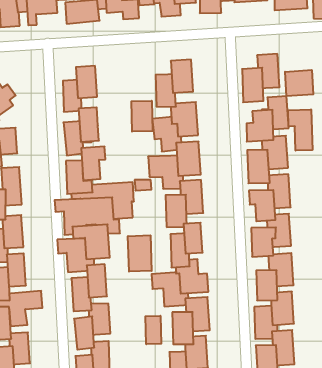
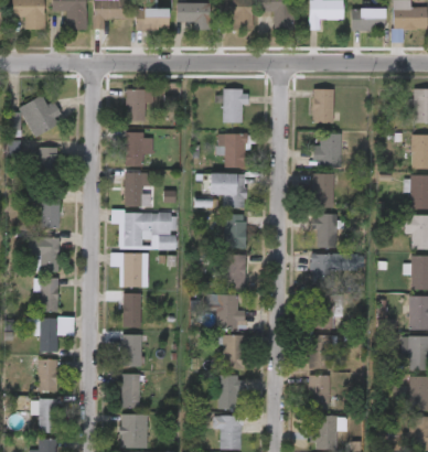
building: [285,70,313,96] -> none
building: [131,101,152,132] -> none
building: [288,109,312,151] -> none
building: [128,235,152,272] -> none
building: [145,316,161,344] -> none

